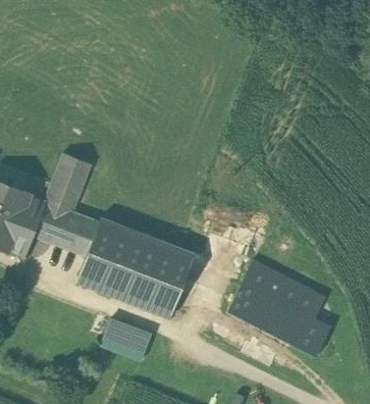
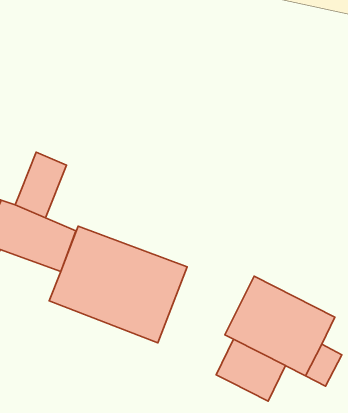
building: [98,314,152,361] -> none
building: none -> [216,339,286,401]

